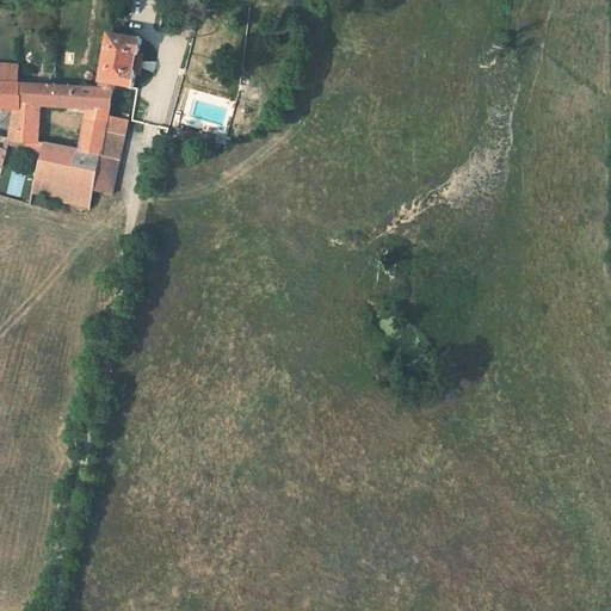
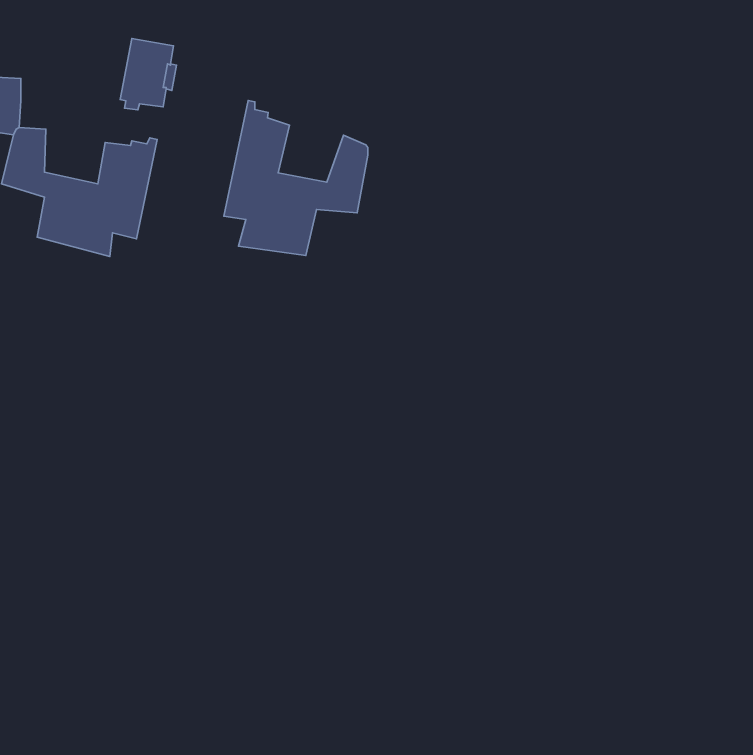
building: none -> [224,100,368,256]
building: [16,81,111,117] -> none

